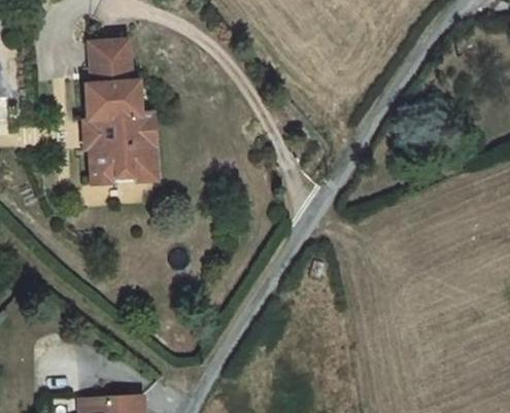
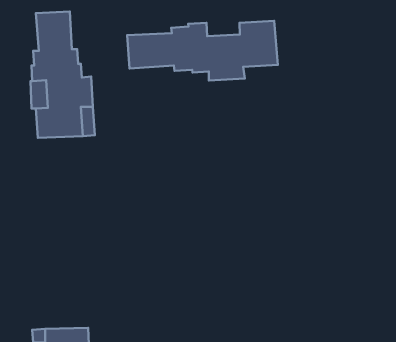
building: none -> [127,21,278,81]

